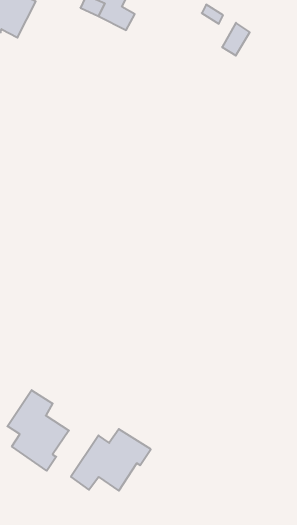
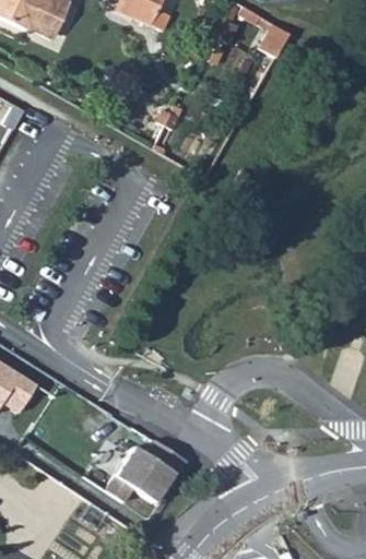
building: [7,390,69,471] -> none

